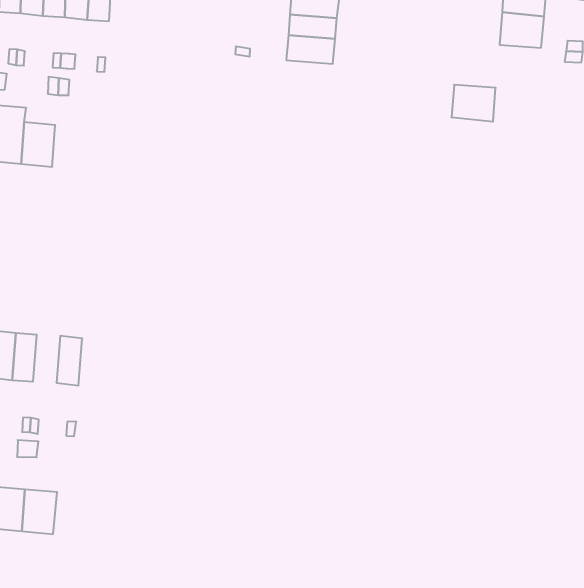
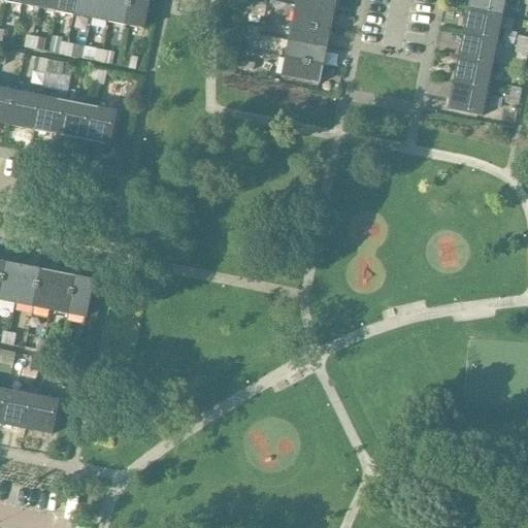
building: [451,85,496,122] -> [449,81,487,114]
building: none -> [85,105,116,143]
building: none -> [50,271,75,311]

